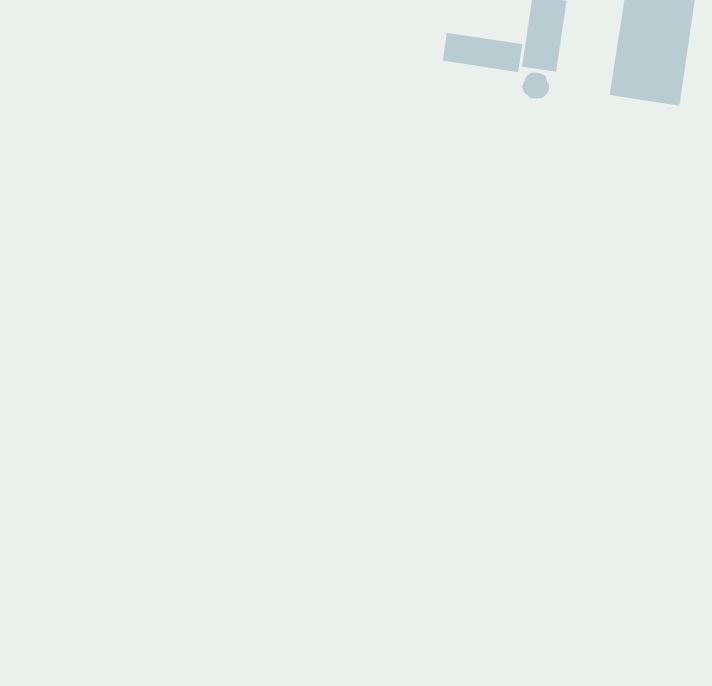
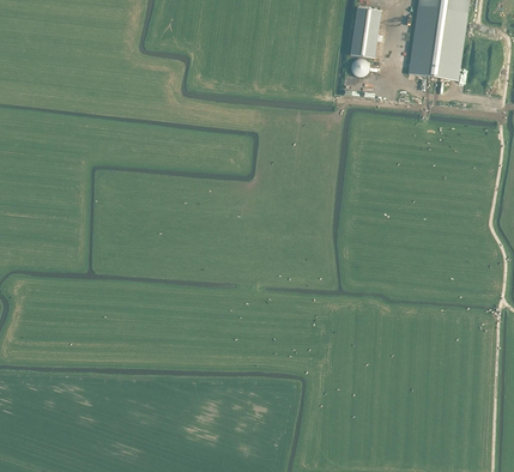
building: [442,32,523,73] -> none

